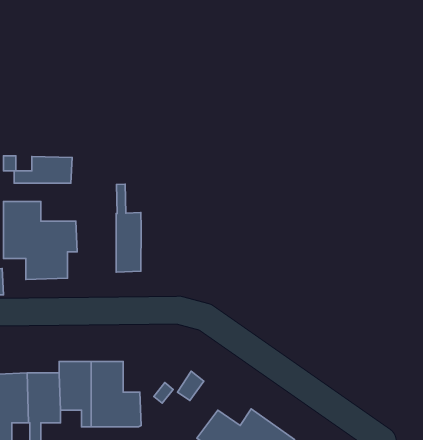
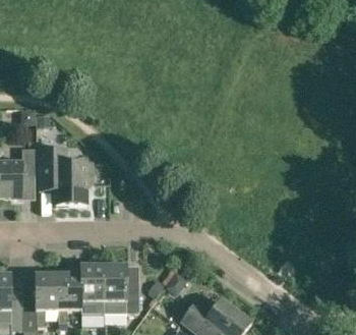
building: [14,156,72,183] -> none
building: [116,184,141,272] -> none

